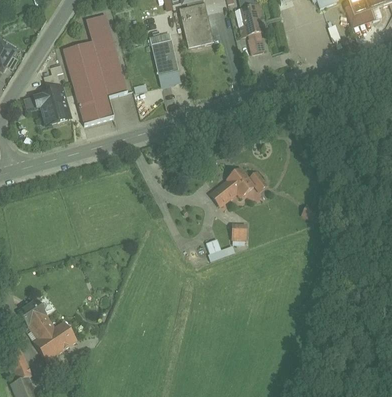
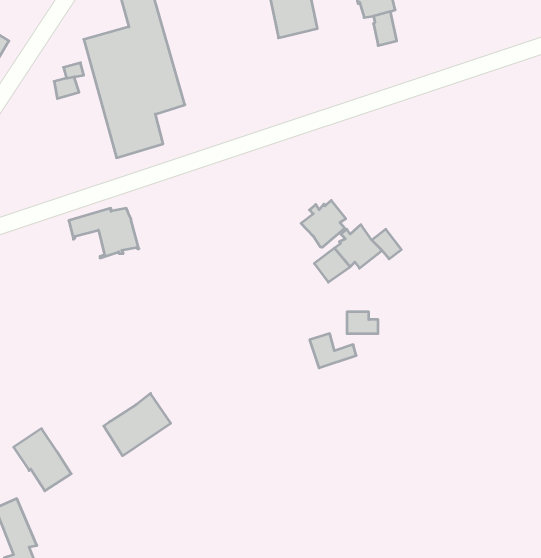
building: [148,31,180,85] -> none
building: [24,91,69,123] -> [69,208,139,258]
building: none -> [301,200,346,247]
building: [33,320,76,360] -> [104,393,171,456]

